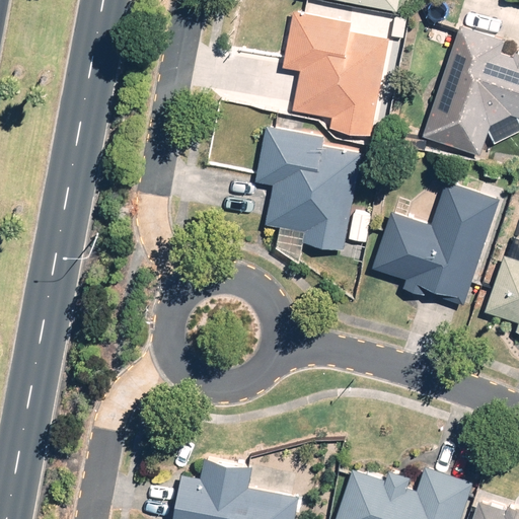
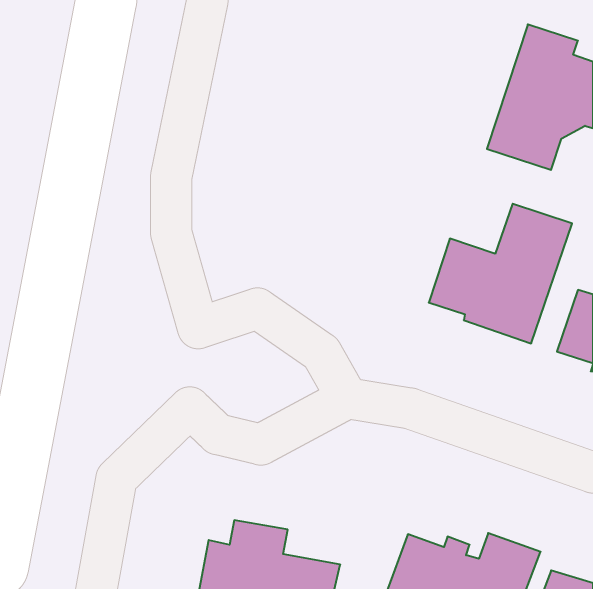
building: [284,12,387,135] -> none
building: [254,126,362,249] -> none

